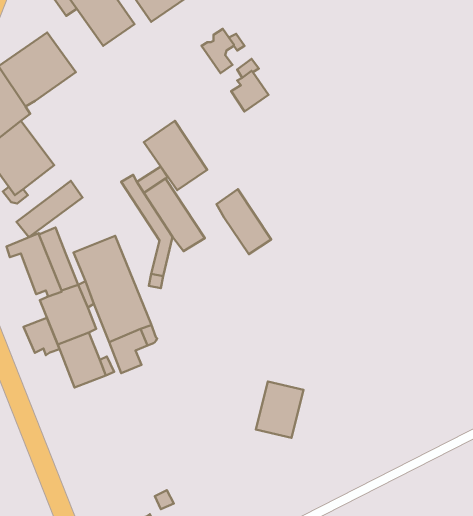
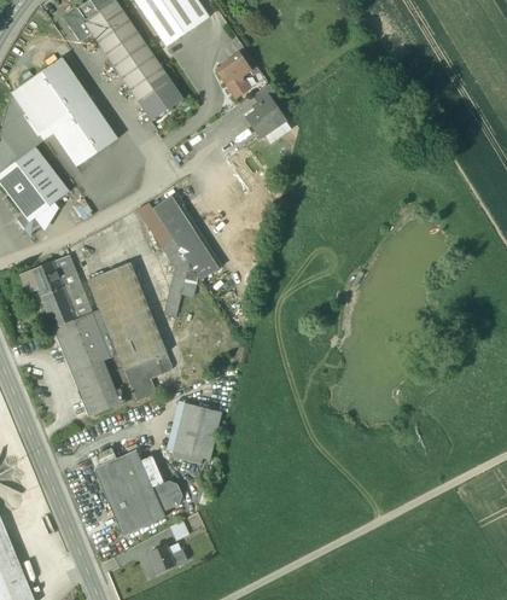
building: none -> [49,98,117,159]
building: [144,121,207,190] -> [118,49,182,120]
building: [16,181,83,237] -> none
building: [216,189,271,254] -> none
building: [24,318,59,355] -> none
building: [256,382,304,438] -> [174,403,222,460]
building: none -> [93,452,181,536]

